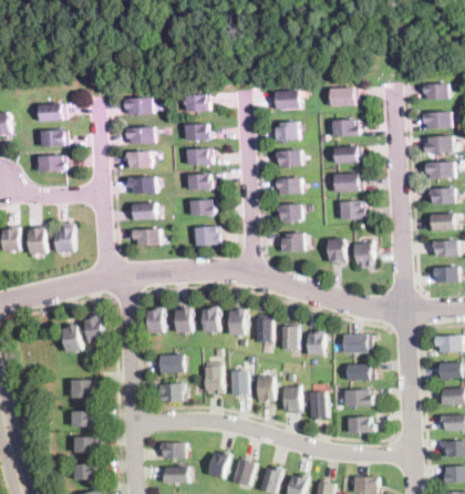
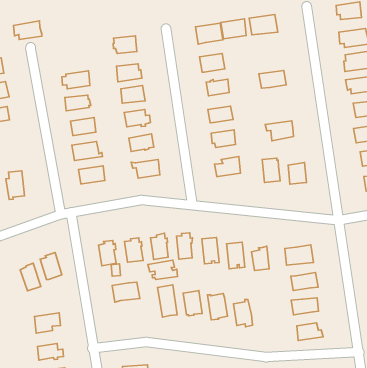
building: [125,96,154,114] -> [14,21,42,40]
building: [332,117,358,136] -> [221,19,246,39]
building: [334,173,363,192] -> none
building: [157,383,187,402] -> [148,260,177,280]
building: [309,391,327,420] -> none

